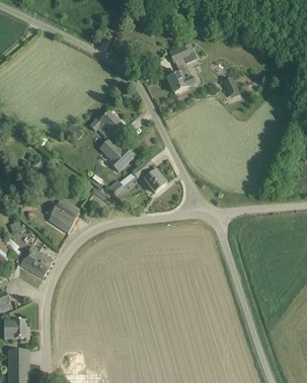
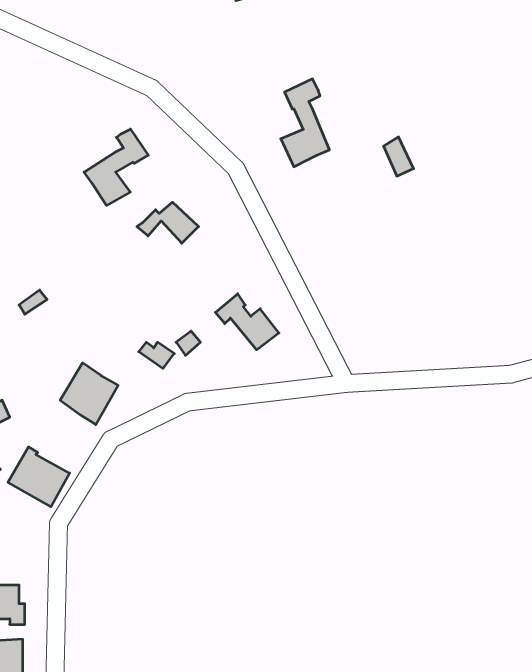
building: none -> [84,129,148,205]
building: [100,139,132,171] -> none

